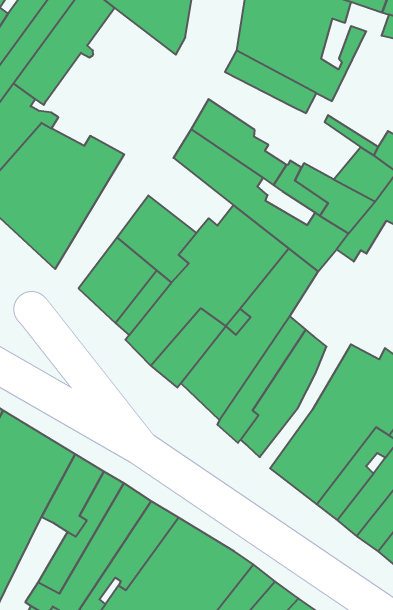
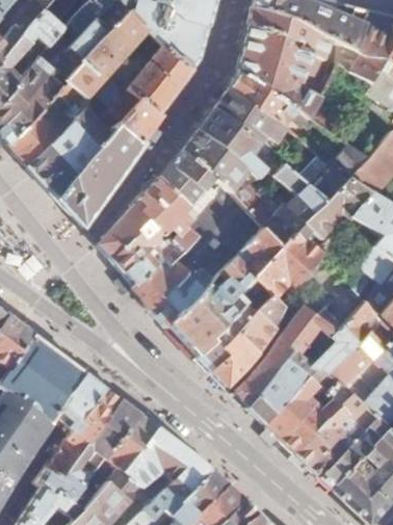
building: none -> [102,35,192,145]
building: none -> [214,88,278,148]
building: none -> [161,151,226,210]
building: none -> [261,233,328,297]

